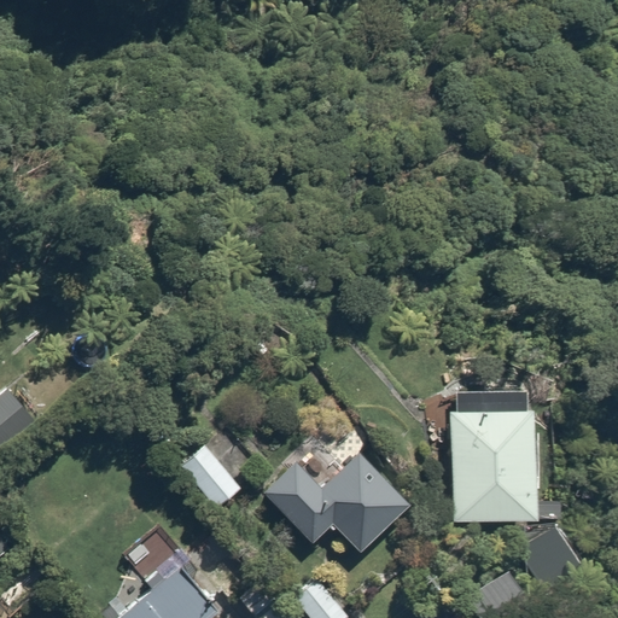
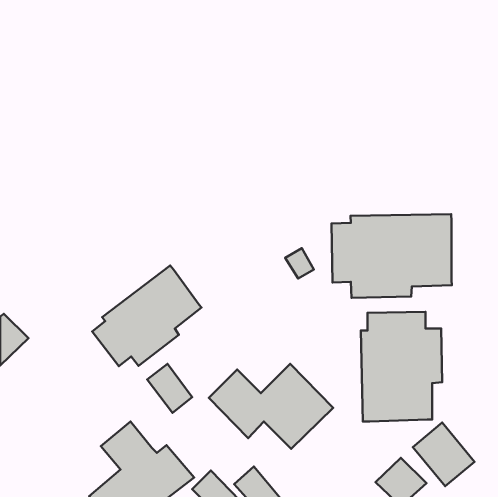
building: none -> [331,214,452,298]
building: none -> [92,265,202,366]

